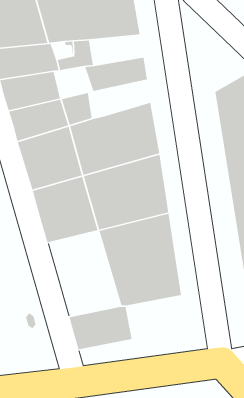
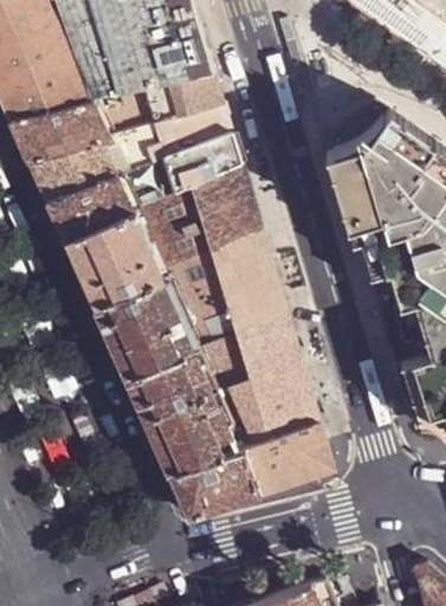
building: none -> [146,79,224,130]
building: none -> [103,134,160,182]
building: none -> [166,140,241,199]
building: none -> [125,356,239,481]
building: none -> [246,430,335,499]

